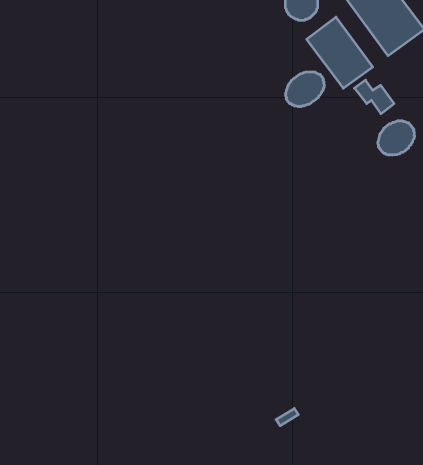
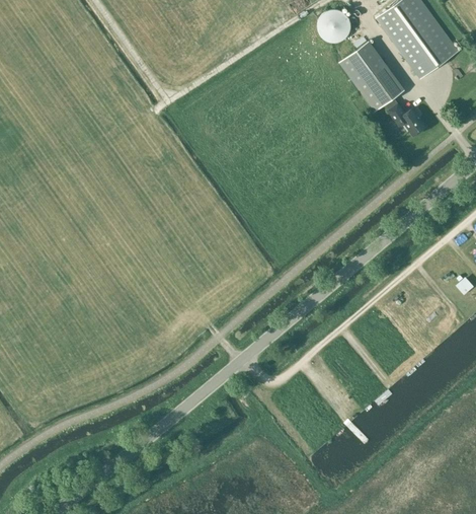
building: [286,72,324,107] -> none
building: [378,121,415,155] -> none

